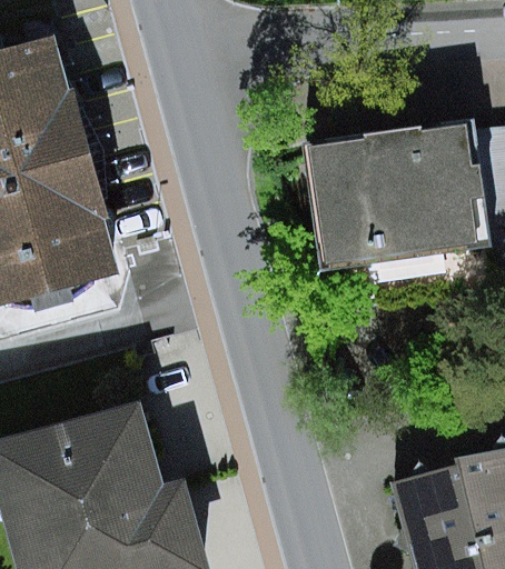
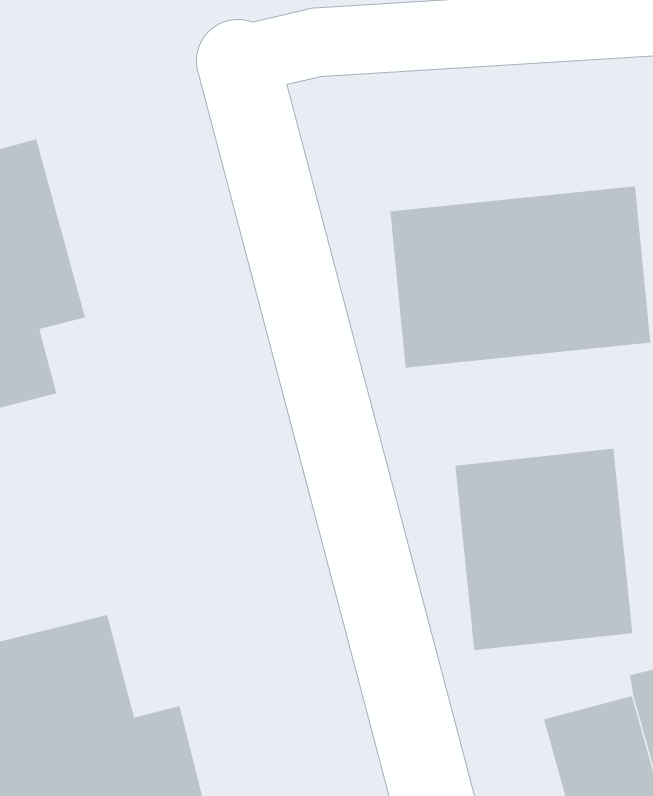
building: none -> [455,448,633,651]

